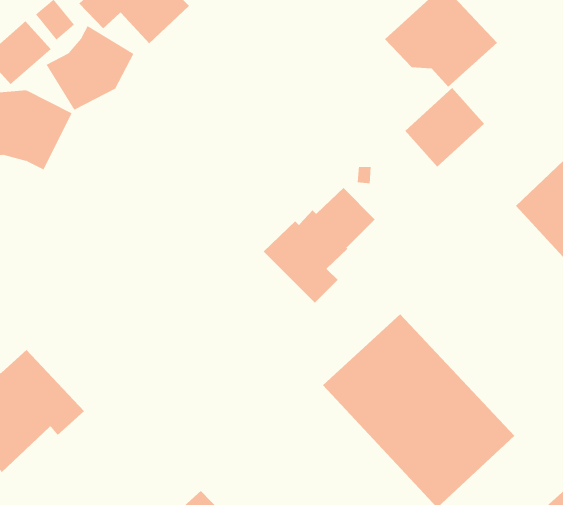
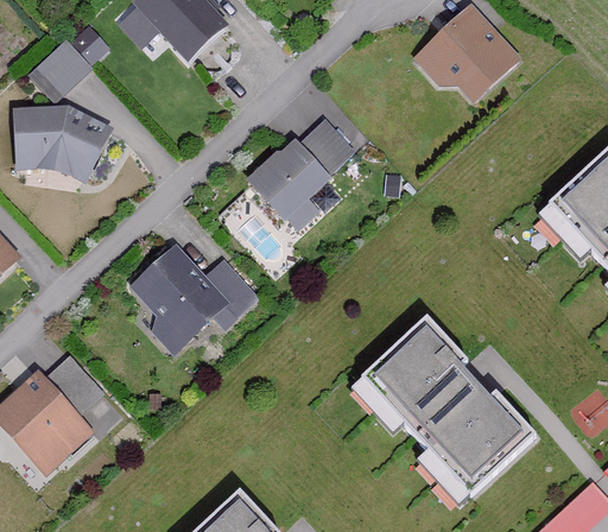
building: [46,25,134,111] -> none
building: [404,87,485,168] -> none
building: [263,187,376,303] -> [247,119,355,230]
building: none -> [131,243,258,353]

